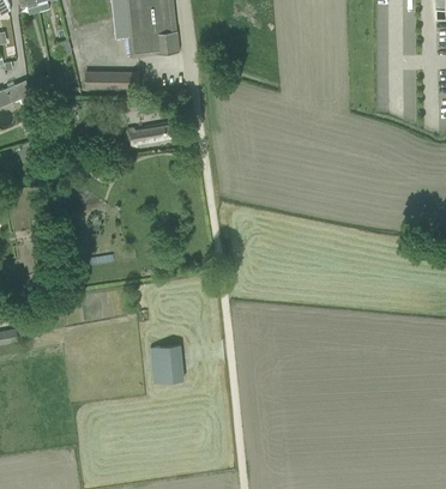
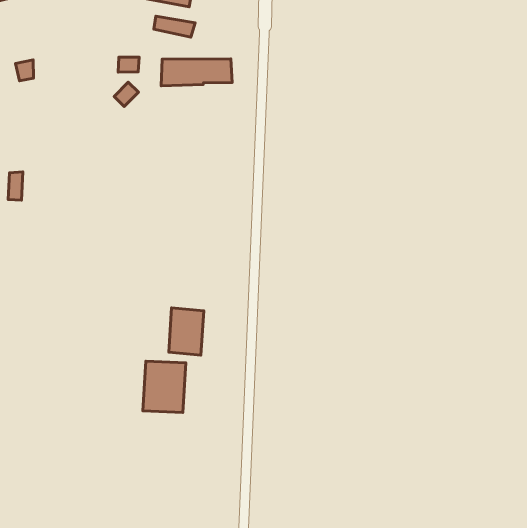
building: none -> [169,308,204,355]

